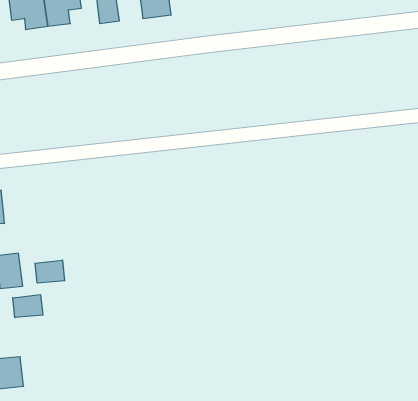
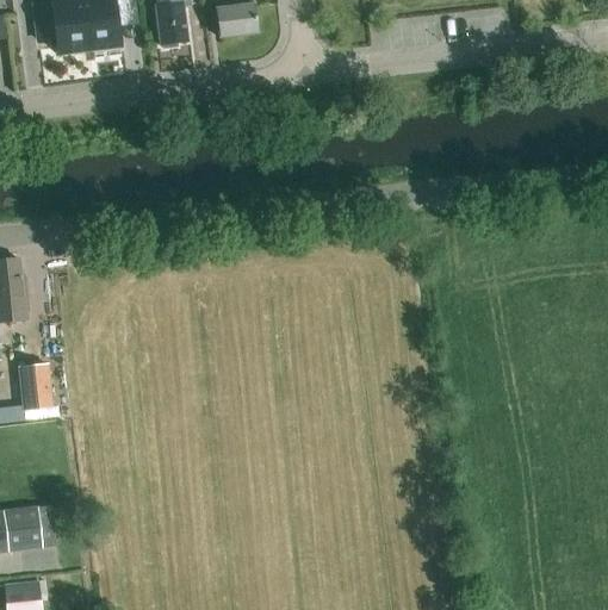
building: [35,260,65,283] -> none
building: [13,295,43,318] -> none

